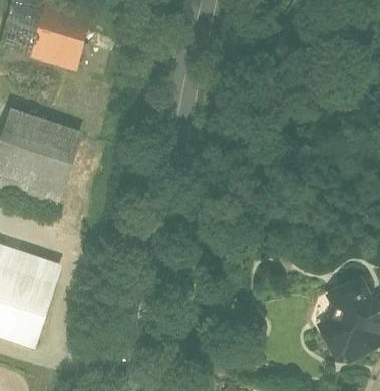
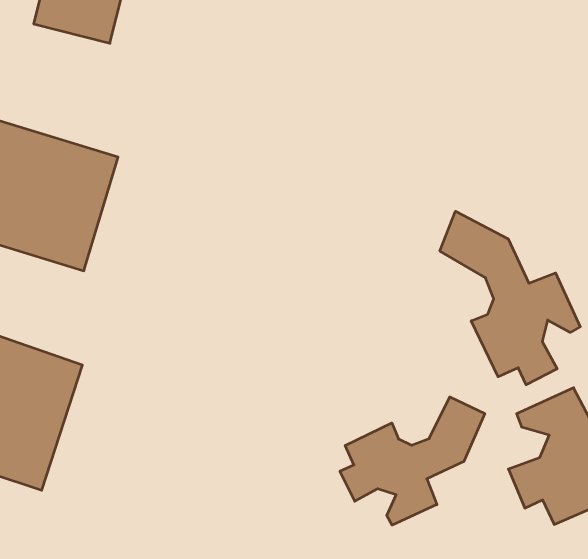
building: none -> [440,211,580,385]
building: none -> [340,397,485,525]

